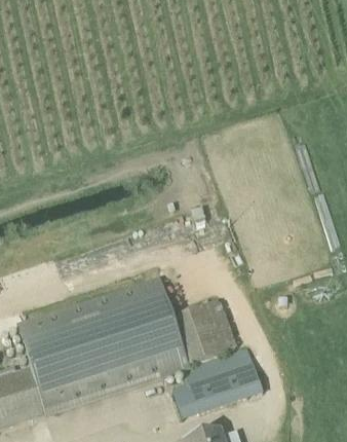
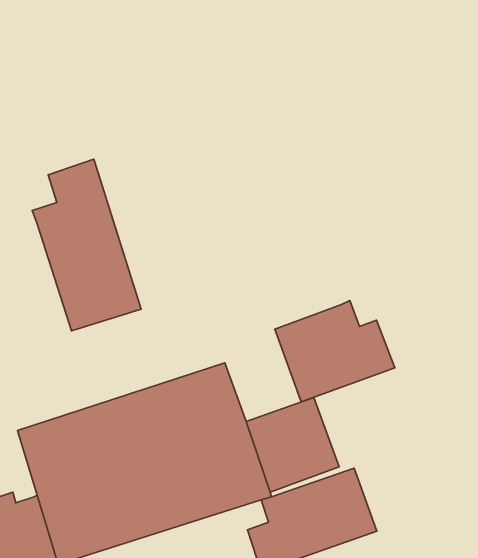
building: none -> [32,159,141,331]
building: none -> [275,301,395,402]

